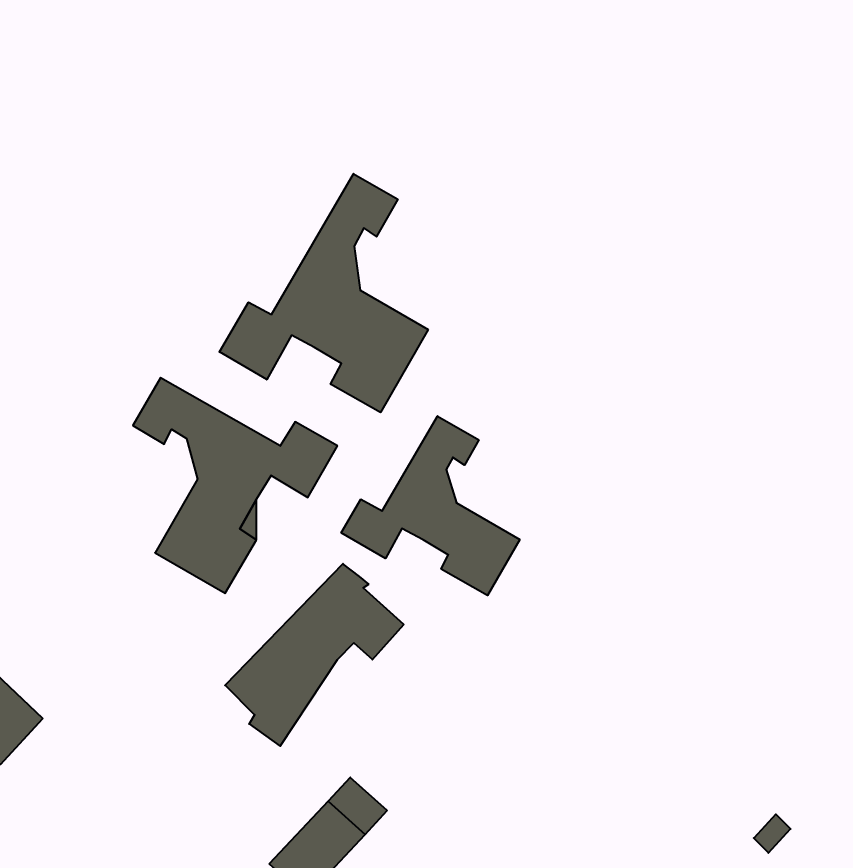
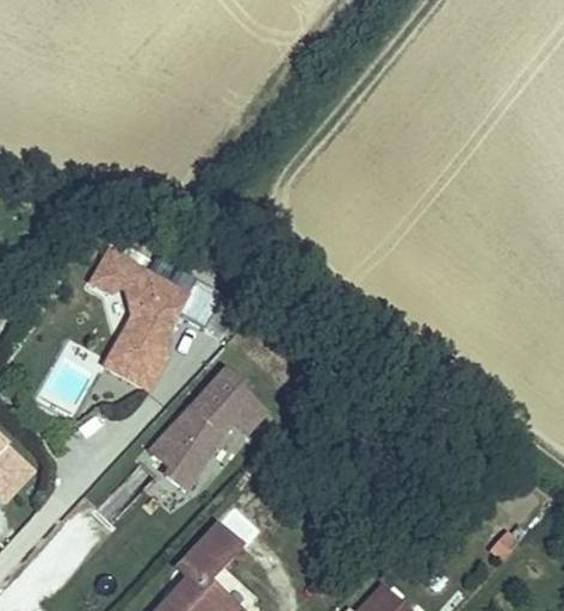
building: [219,174,428,412] -> none
building: [341,416,520,595] -> none

